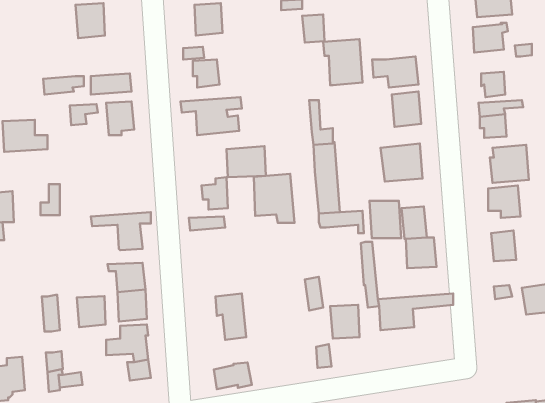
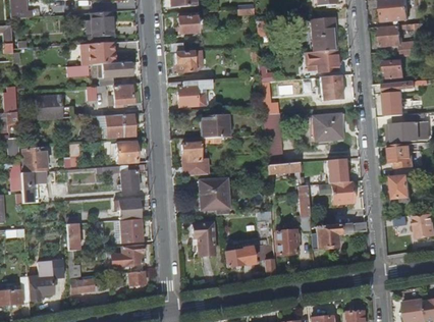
building: [323,39,362,85] -> [310,18,338,52]
building: none -> [89,42,115,64]
building: none -> [106,113,135,138]
building: [254,174,294,223] -> [200,178,229,214]
building: none -> [116,142,137,163]
building: [370,201,401,238] -> none
building: [77,296,105,327] -> none
building: [214,363,252,389] -> [226,248,254,267]

